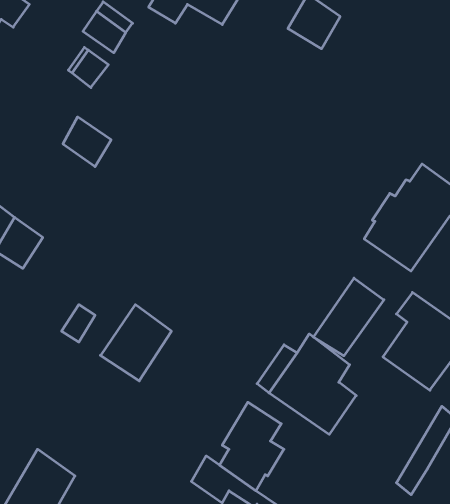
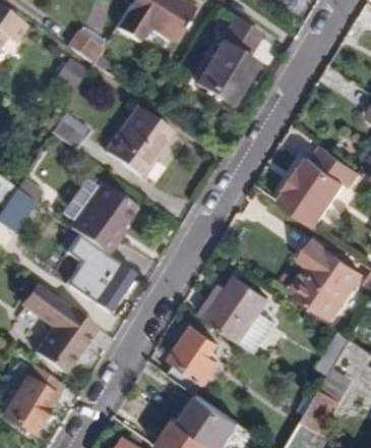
building: none -> [194,42,254,104]
building: none -> [105,106,173,177]
building: none -> [62,179,131,254]
building: [313,278,384,356] -> none
building: none -> [22,286,97,372]

